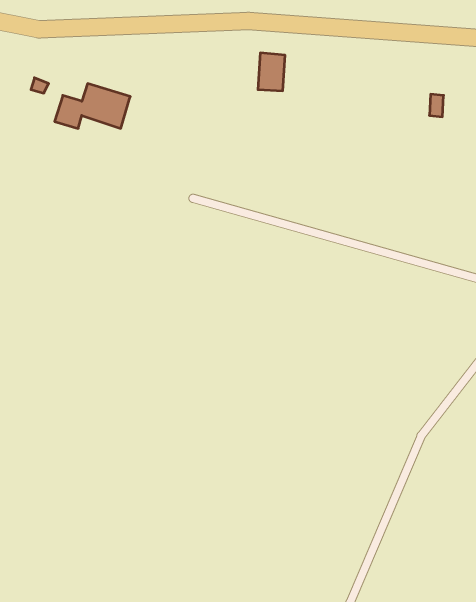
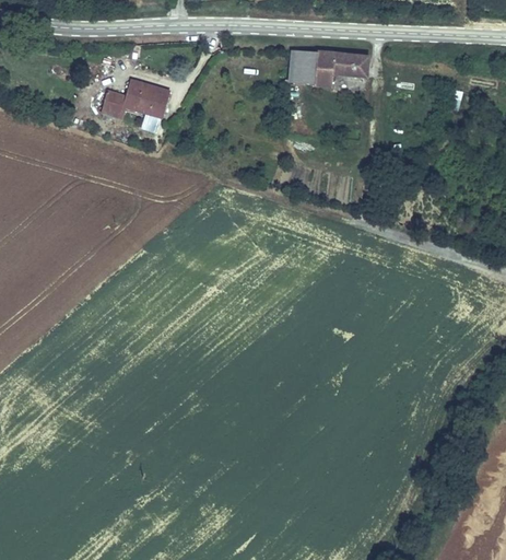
building: none -> [311,51,368,88]

